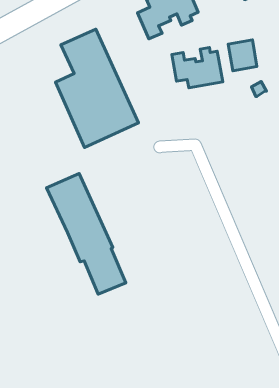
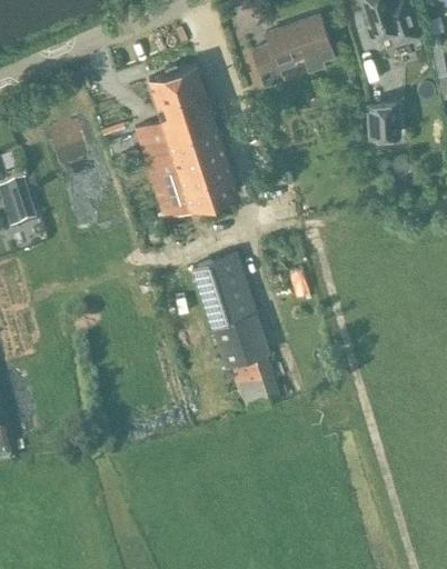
building: [172,48,223,88] -> none
building: [47,173,126,294] -> [191,252,281,412]

